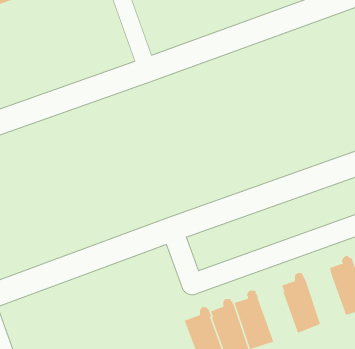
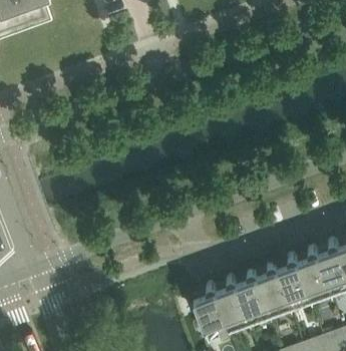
building: none -> [293,249,328,300]
building: none -> [253,263,287,315]

